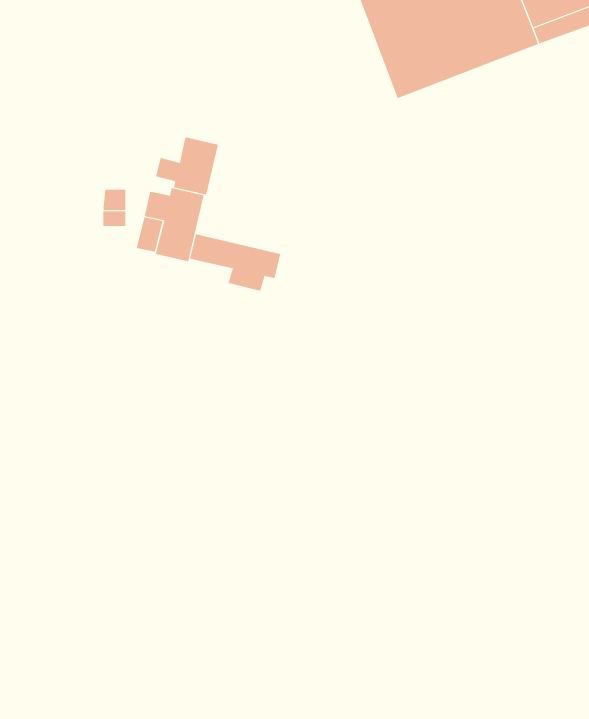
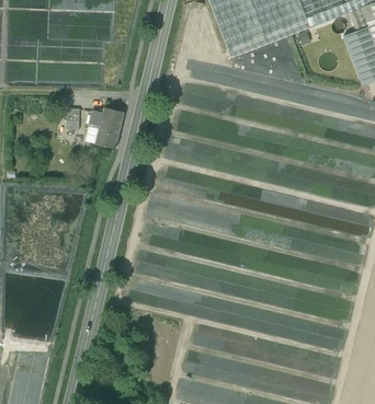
building: [156,136,219,196] -> none
building: [190,233,281,291] -> none

